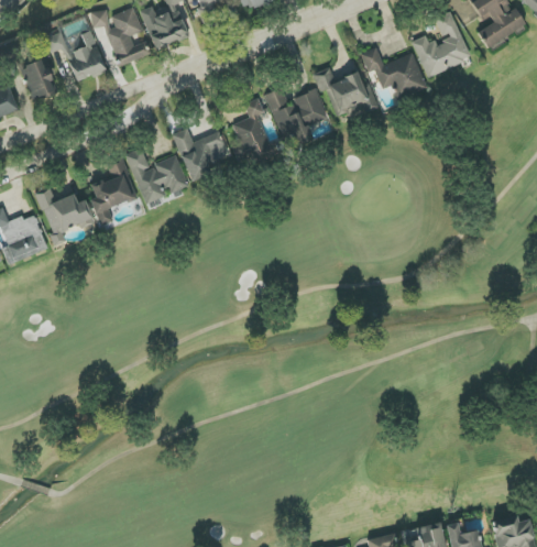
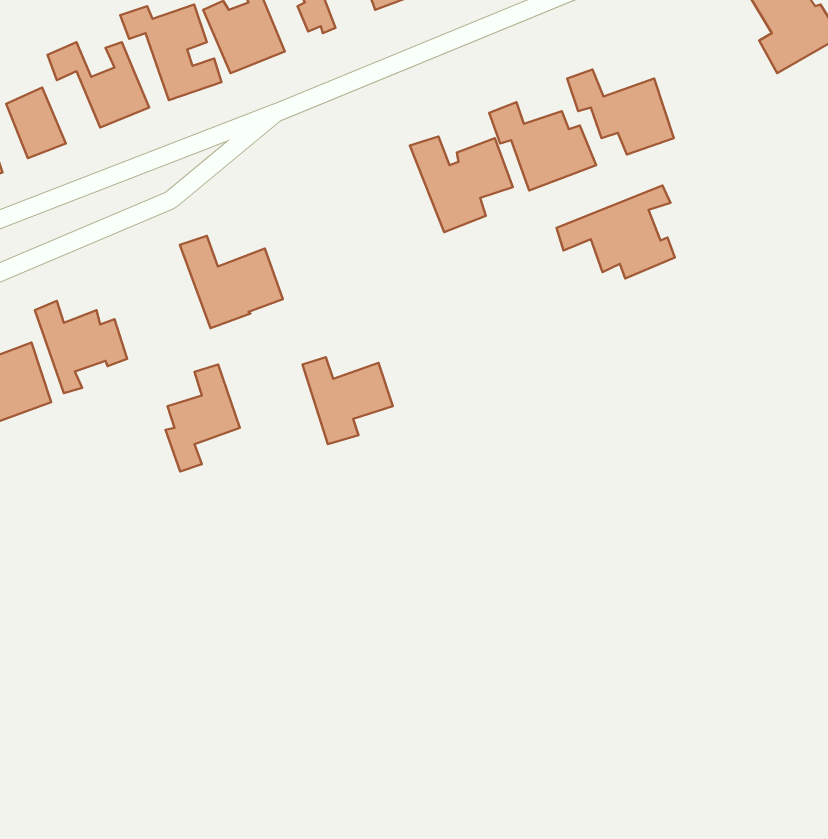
building: [412,10,471,76] -> none
building: [233,97,272,160] -> none
building: none -> [556,186,675,279]
building: [174,128,229,180] -> [302,357,393,444]
building: [90,158,135,223] -> [166,365,240,471]

